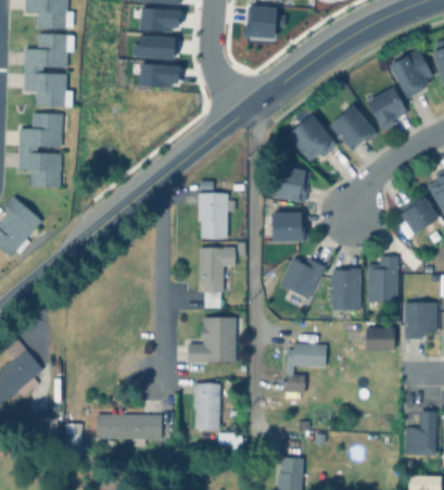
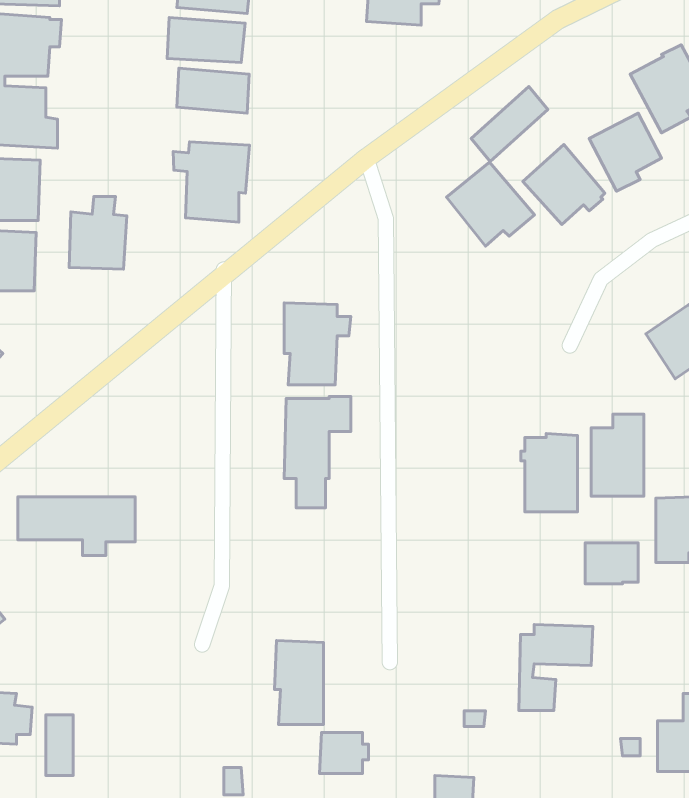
building: none -> [471,87,548,162]
building: none -> [173,142,250,222]
building: none -> [69,196,127,269]
building: [269,165,310,203] -> none
building: [271,211,306,239] -> none
building: [279,256,324,298] -> none
building: [187,316,236,361] -> none
building: [284,343,326,391] -> [519,625,593,711]
building: [96,414,161,447] -> [18,497,135,556]

